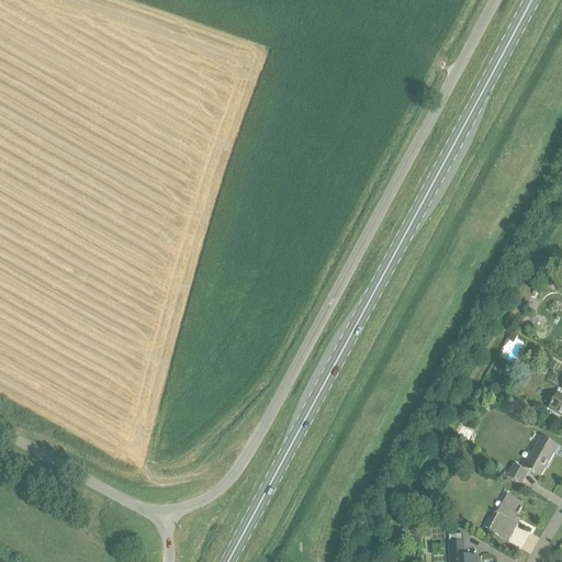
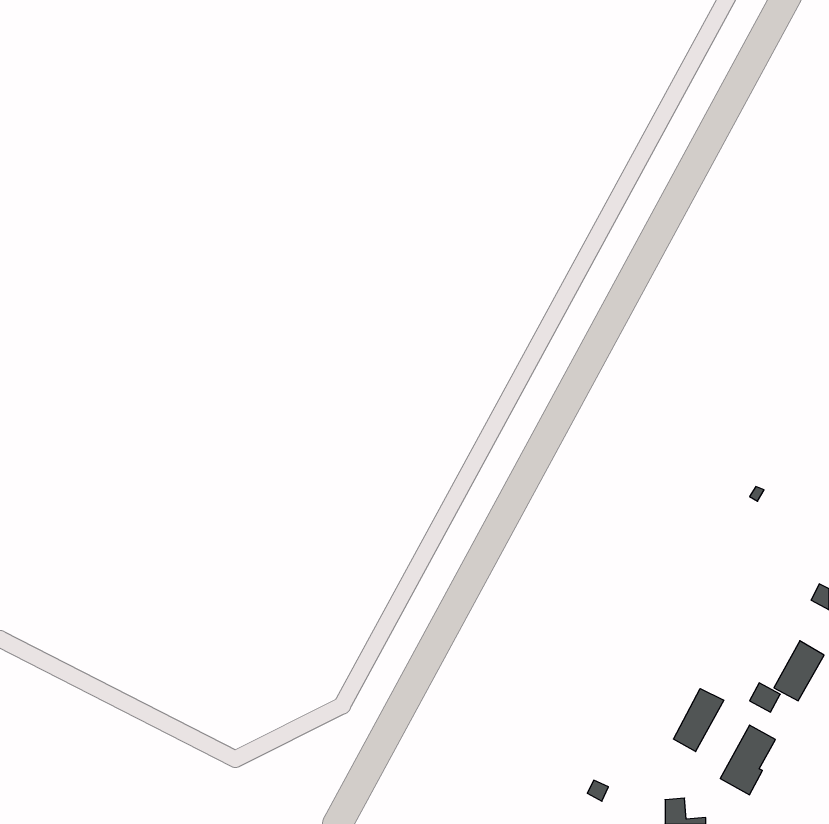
building: none -> [673,689,724,752]

